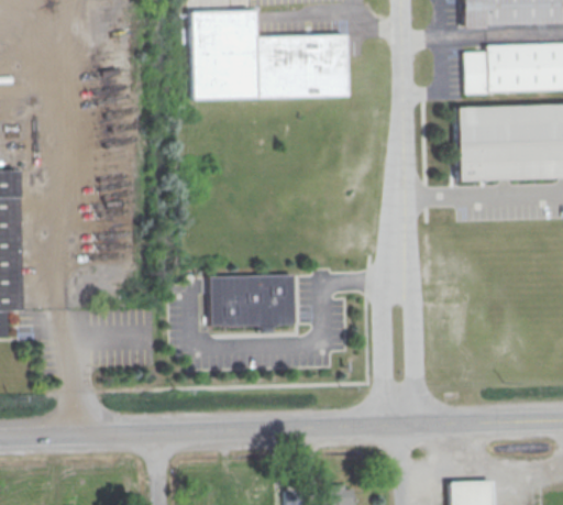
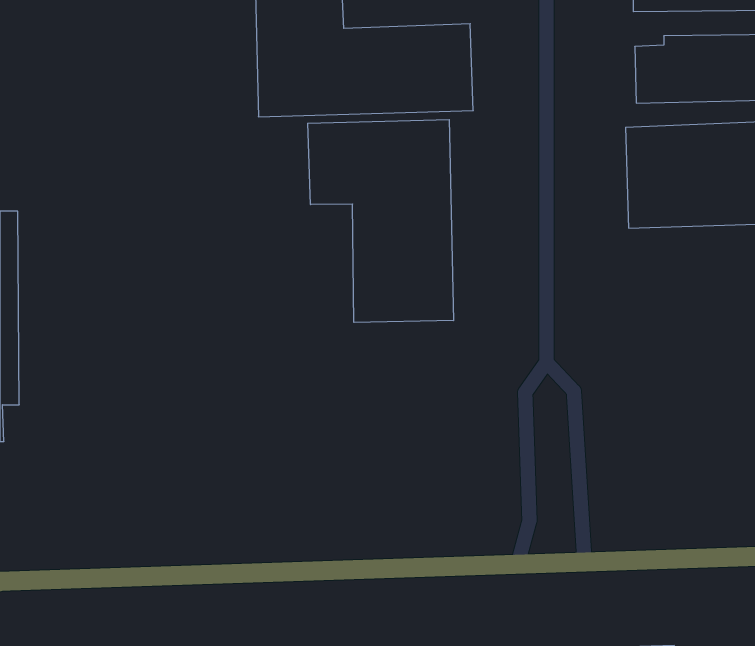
building: none -> [308,120,454,322]
building: [210,275,295,328] -> none

